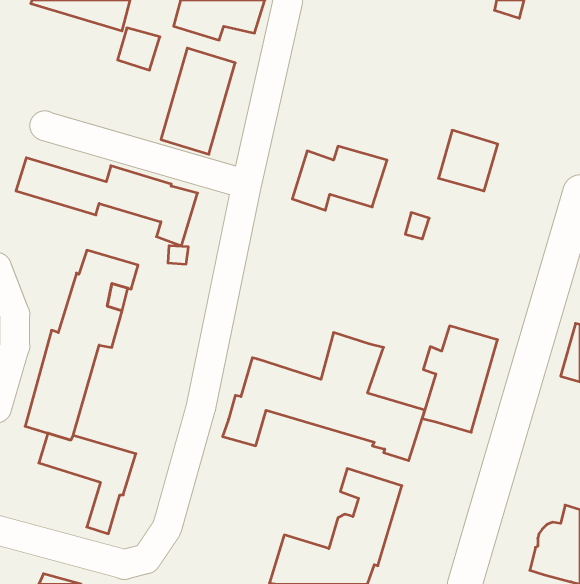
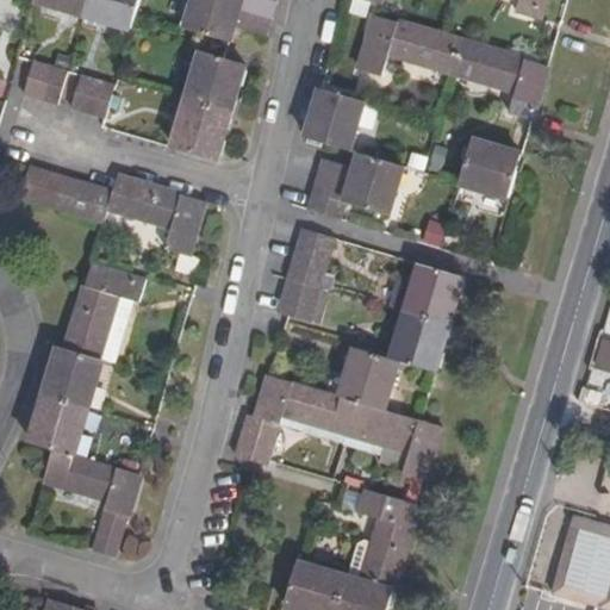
building: none -> [355,14,549,120]
building: [118,28,160,70] -> [69,74,113,118]
building: none -> [21,60,66,105]
building: none -> [299,86,366,152]
building: none -> [274,228,334,320]
building: [422,326,498,432] -> [386,262,465,373]

